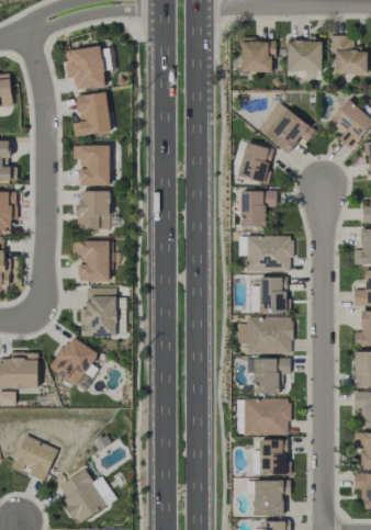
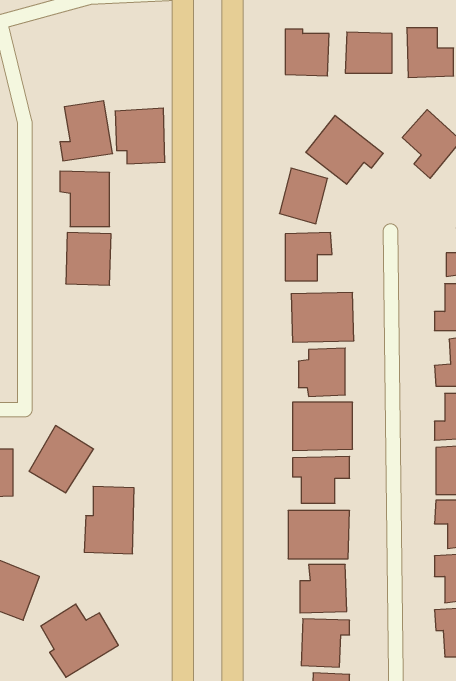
building: [66,46,103,88] -> [115,108,165,164]
building: [72,240,110,281] -> none
building: [79,286,116,337] -> [84,486,134,554]

